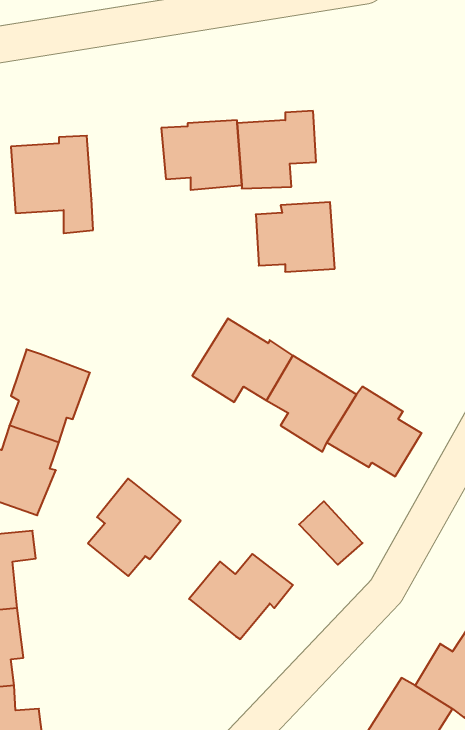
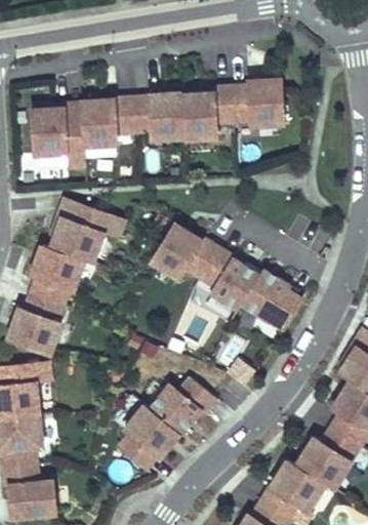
building: none -> [81,96,133,144]
building: [256,202,335,272] -> [231,77,283,123]
building: none -> [50,198,123,261]
building: [88,479,181,576] -> [118,405,179,470]

